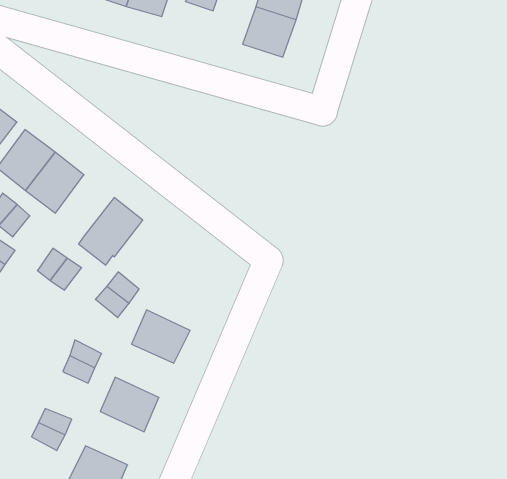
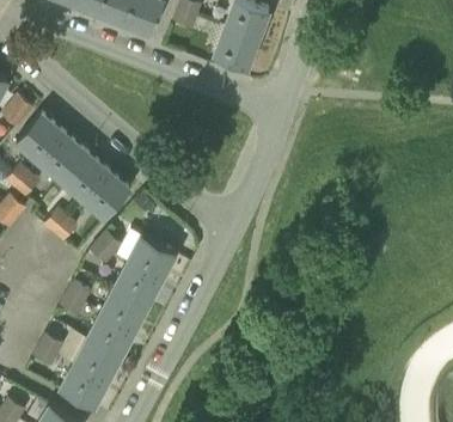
building: none -> [61,152,108,200]
building: none -> [128,236,175,279]
building: none -> [100,287,147,330]
building: none -> [74,338,121,381]

